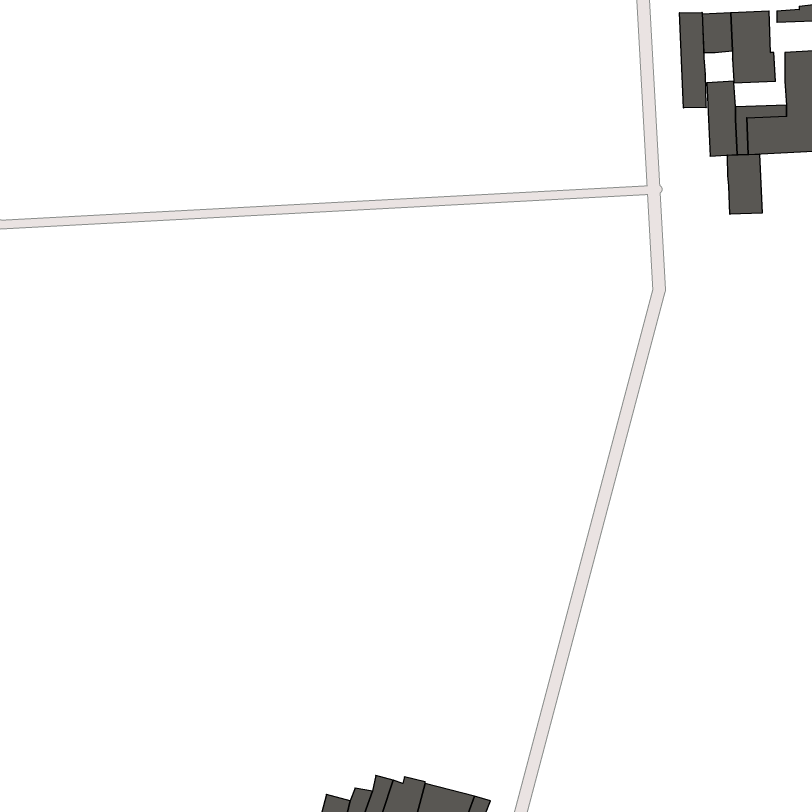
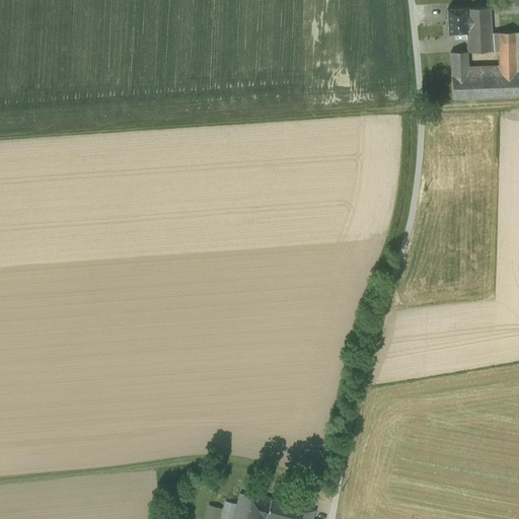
building: [680,12,706,108] -> none
building: [727,154,762,214] -> none

